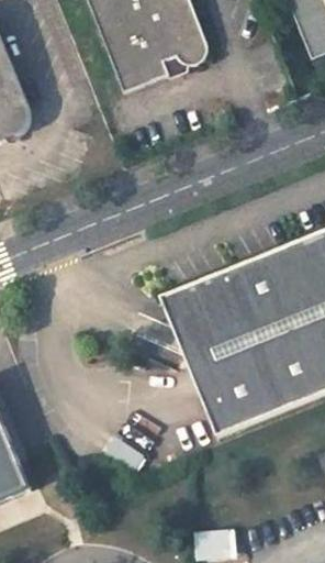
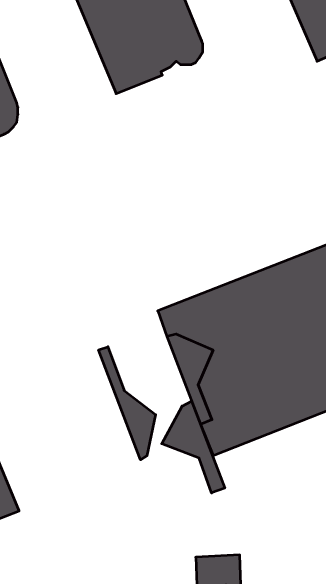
building: none -> [99,347,156,460]
building: none -> [162,401,225,493]

